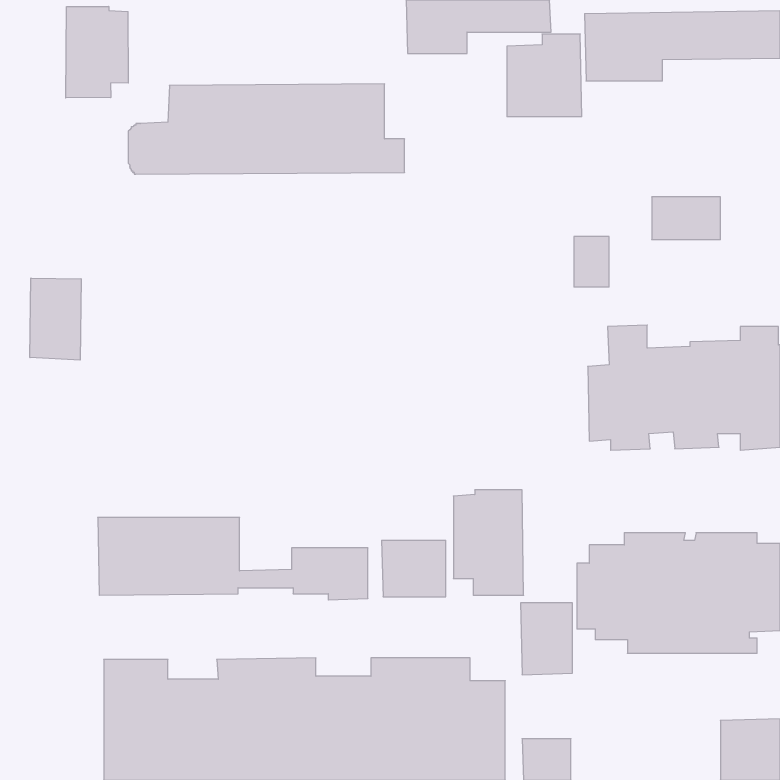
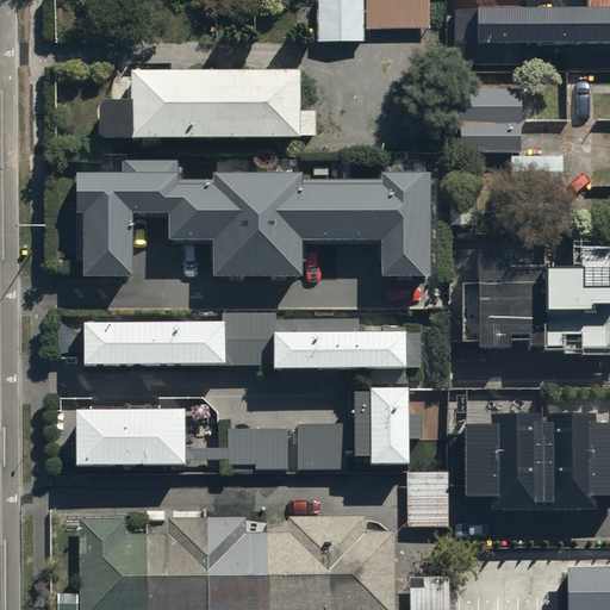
building: [66,6,128,98] -> none
building: [507,34,582,117] -> [460,86,518,150]
building: none -> [80,163,428,281]
building: [30,278,81,360] -> none
building: none -> [83,310,422,368]

